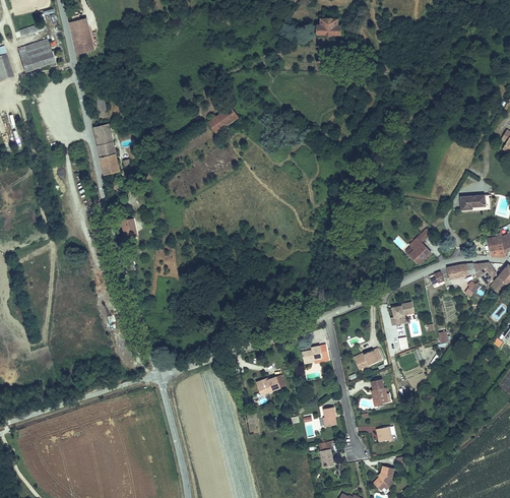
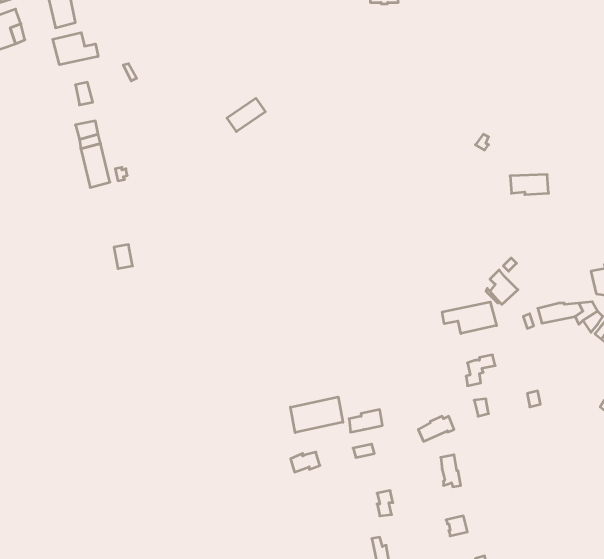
building: none -> [53,33,98,65]
building: [460,195,490,210] -> [510,175,549,195]
building: none -> [442,302,497,334]
building: none -> [290,397,343,433]

